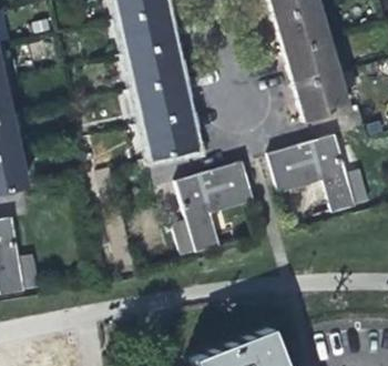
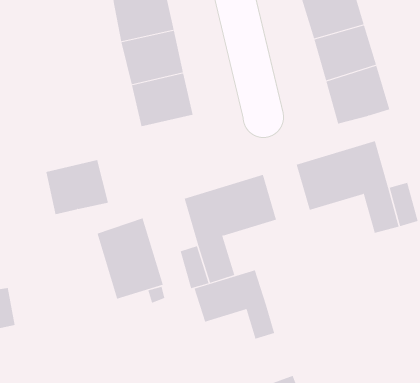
building: [144,113,196,159] -> [45,160,109,215]
building: none -> [97,217,163,300]
building: none -> [194,269,275,339]

